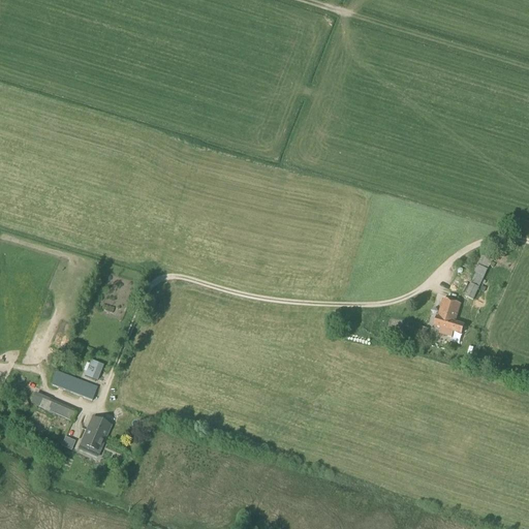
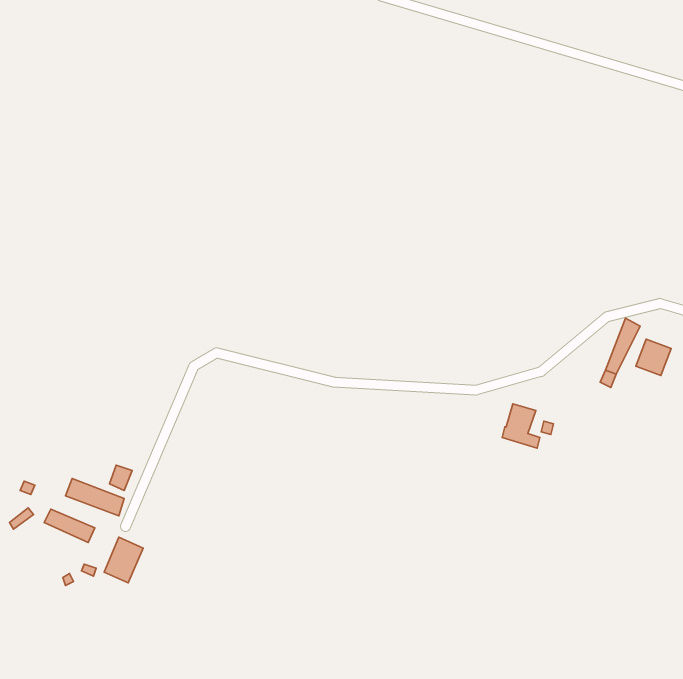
building: none -> [636,339,671,375]
building: [434,298,463,332] -> [502,404,540,448]

